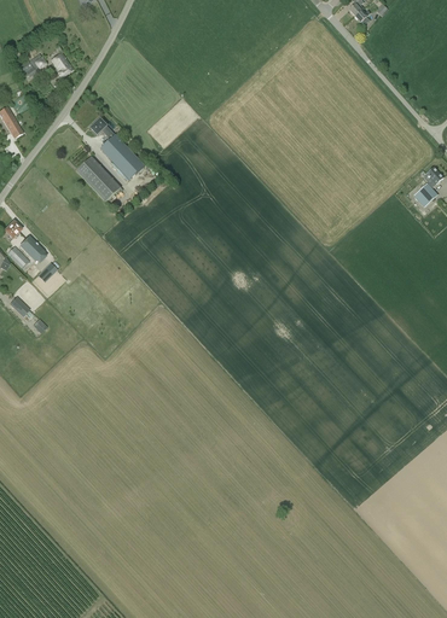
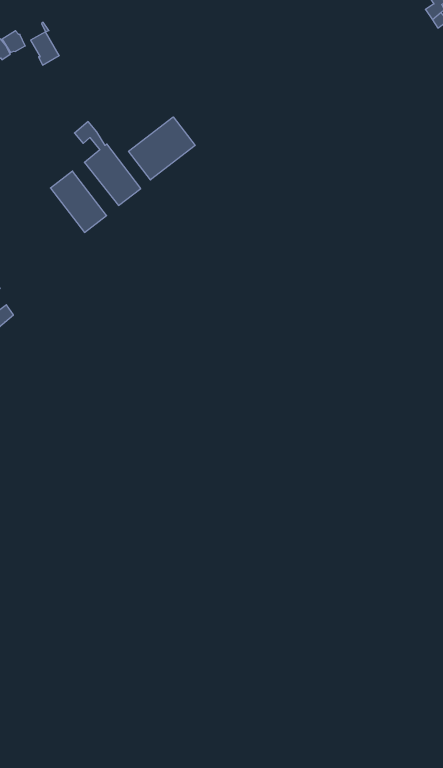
building: none -> [129,117,195,180]

